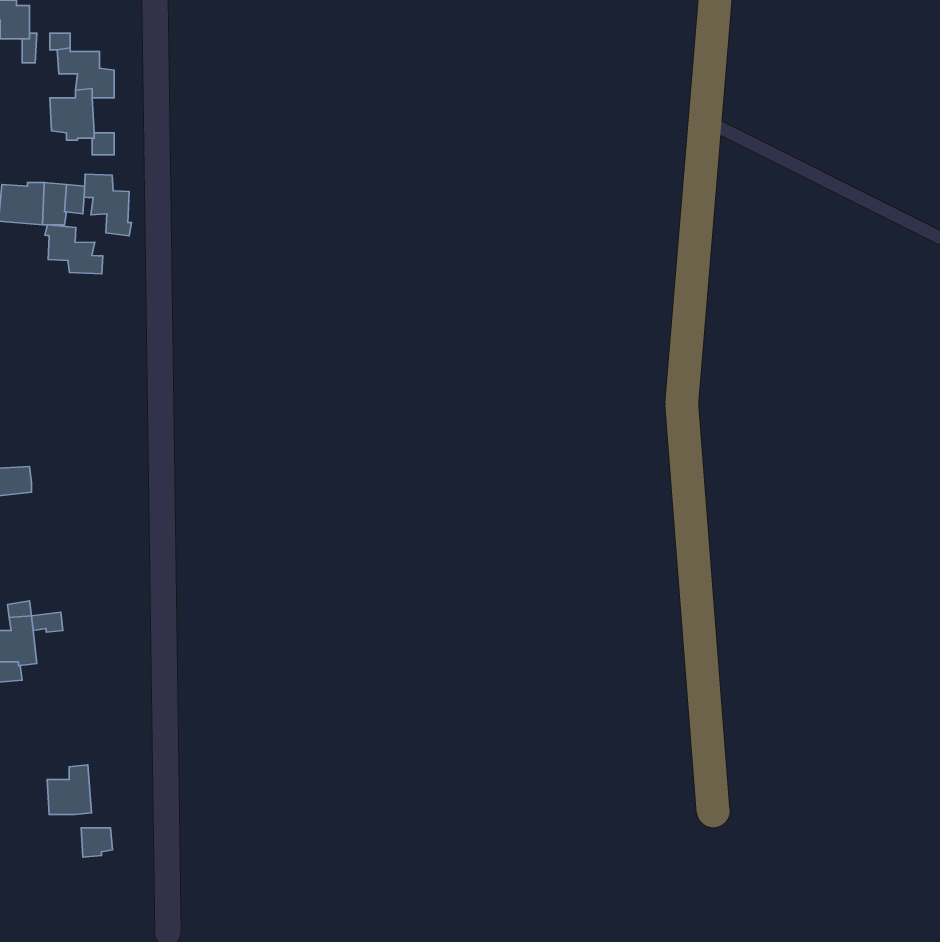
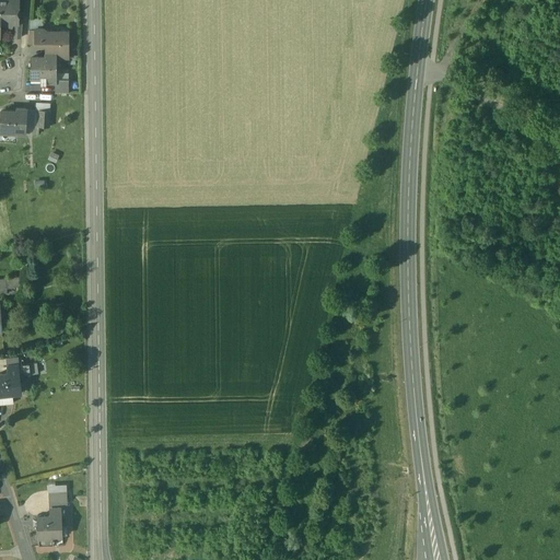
building: [84,174,131,236] -> none
building: [45,225,103,274] -> none
building: [47,765,91,815] -> [36,508,62,537]

